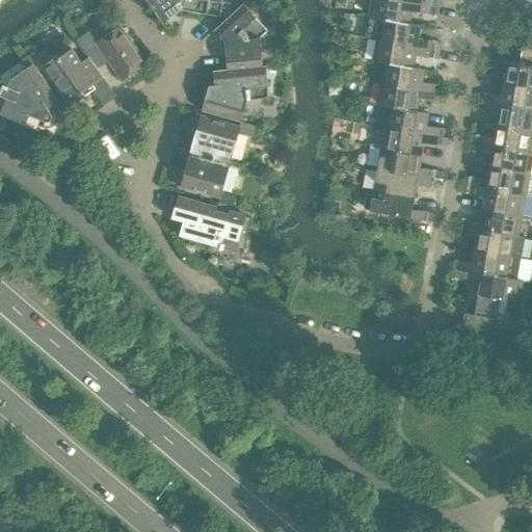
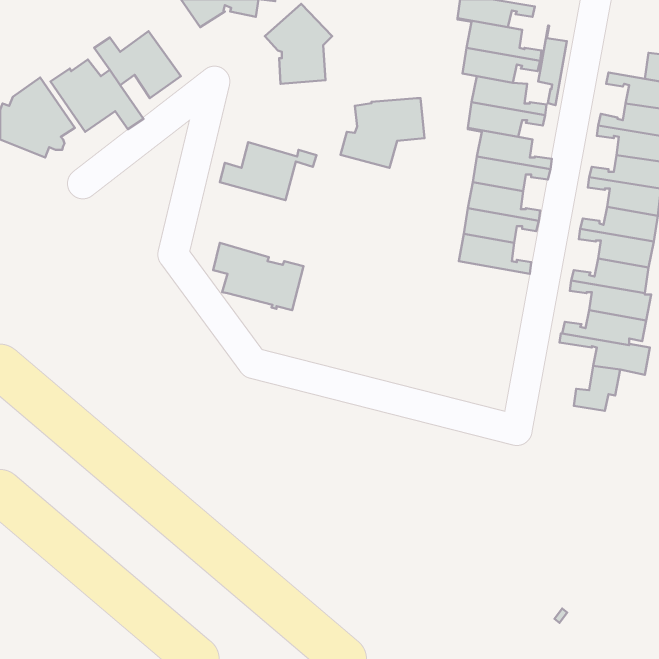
building: none -> [538,25,567,105]
building: [202,64,269,121] -> [340,98,424,168]
building: [172,147,236,205] -> none

